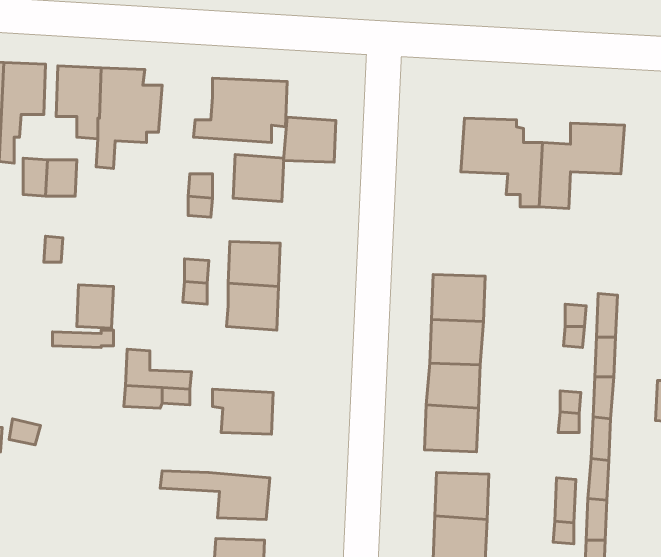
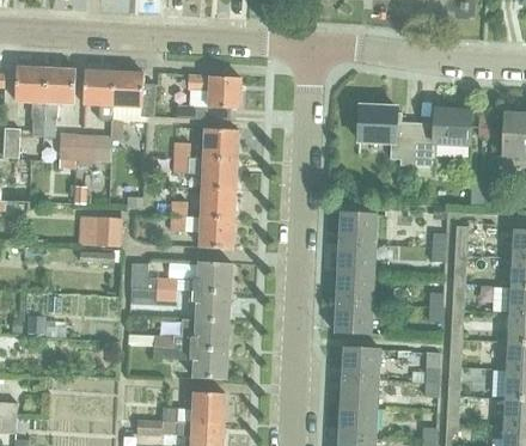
building: [284,117,336,162] -> [201,159,237,190]
building: none -> [189,263,232,293]
building: none -> [127,319,230,352]

